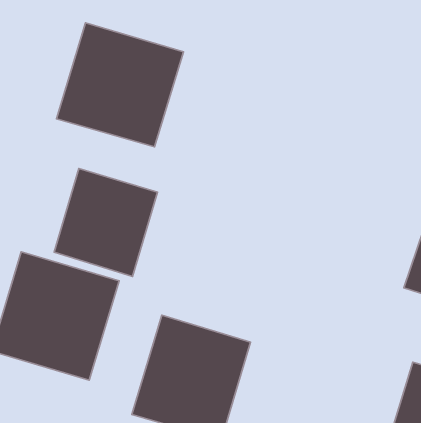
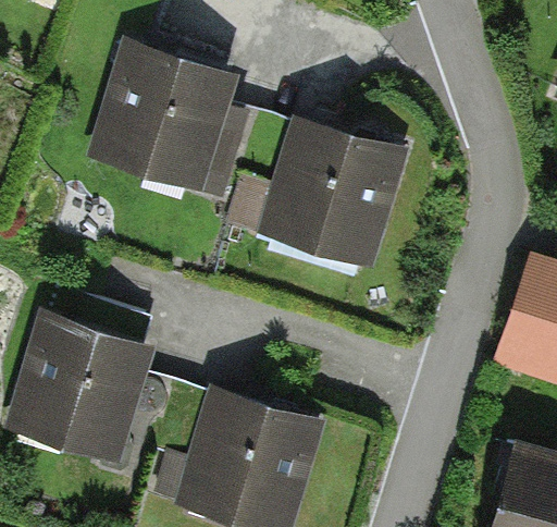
building: none -> [260,120,406,264]
building: [54,169,157,277] -> none

